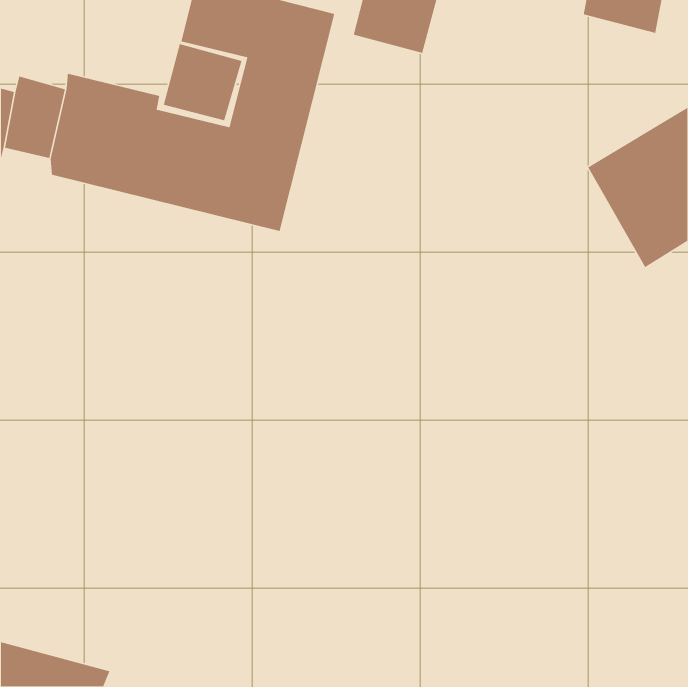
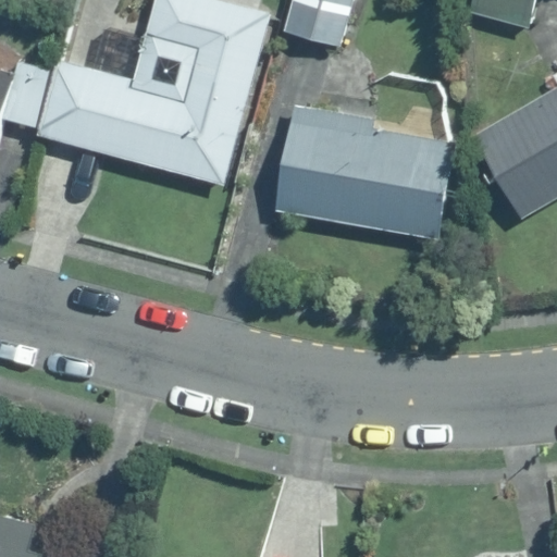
building: none -> [275,106,454,238]

